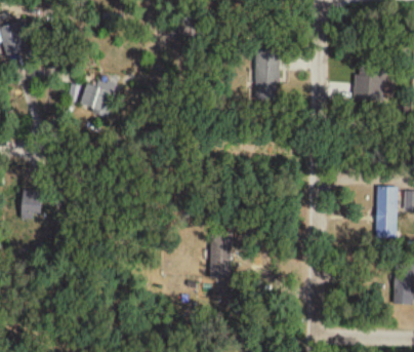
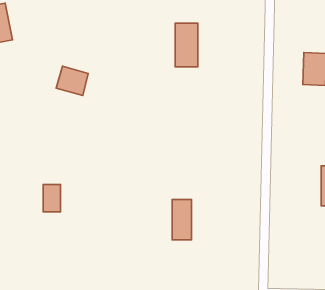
building: [254,50,280,100] -> [175,23,198,67]
building: [23,189,42,220] -> [43,185,60,212]

